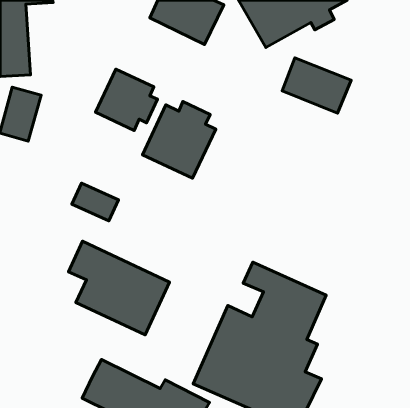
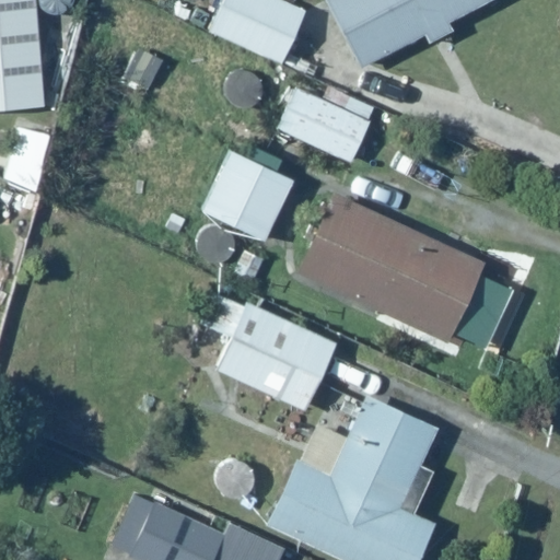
building: [282,58,351,113] -> [273,86,368,162]
building: [96,69,157,130] -> none
building: none -> [298,188,487,345]
building: [69,241,169,335] -> [205,288,341,415]

